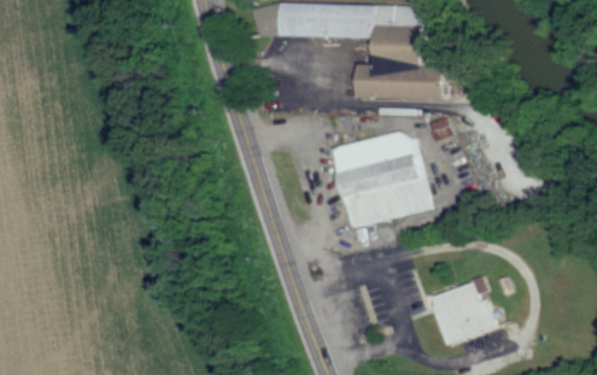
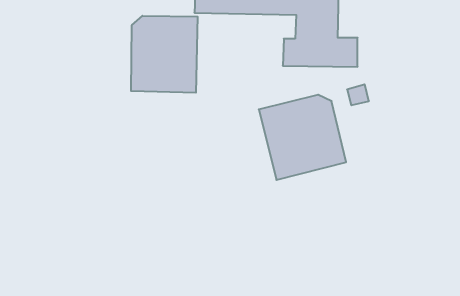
building: none -> [131,16,198,93]
building: [429,285,494,345] -> none

